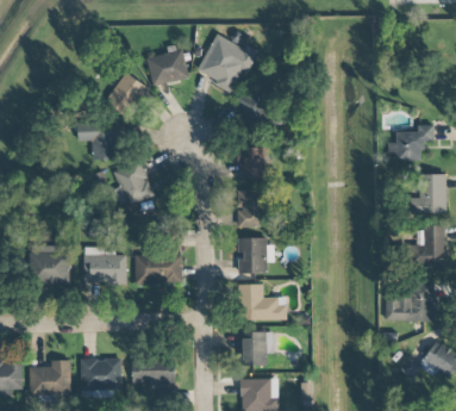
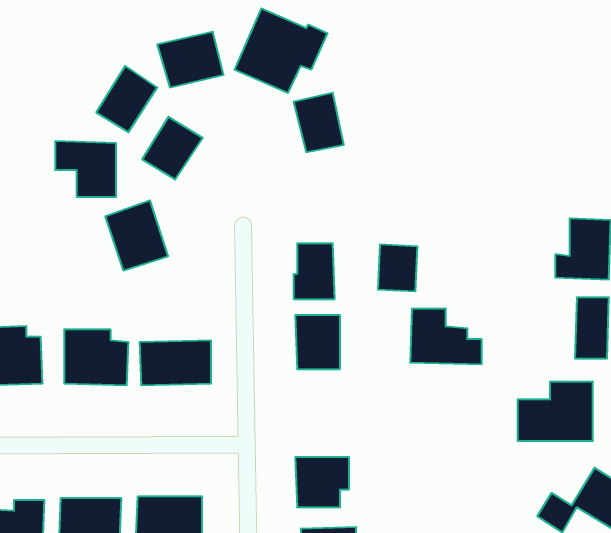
building: none -> [142,117,203,180]
building: [387,125,433,161] -> none
building: [239,147,266,178] -> [378,245,417,291]
building: [239,284,287,320] -> [410,309,482,364]

